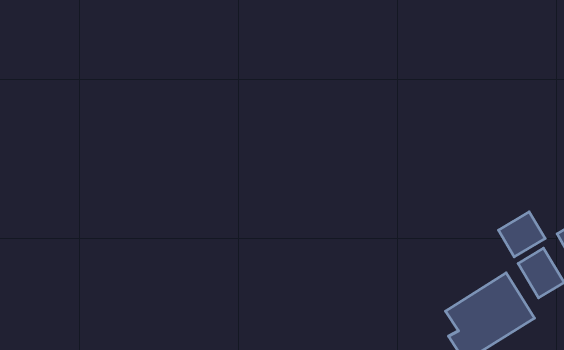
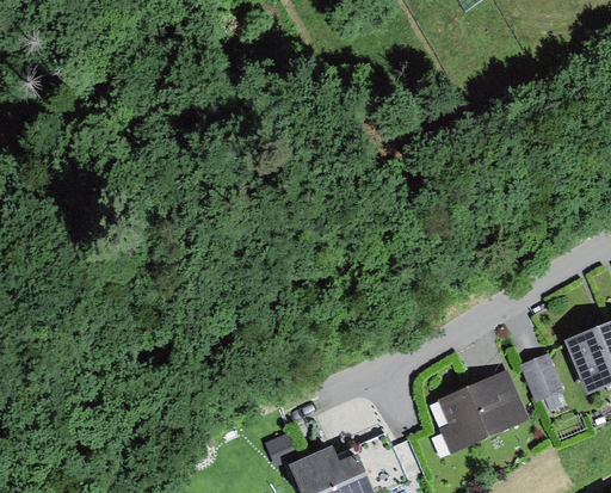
building: [498,212,545,257] -> none

